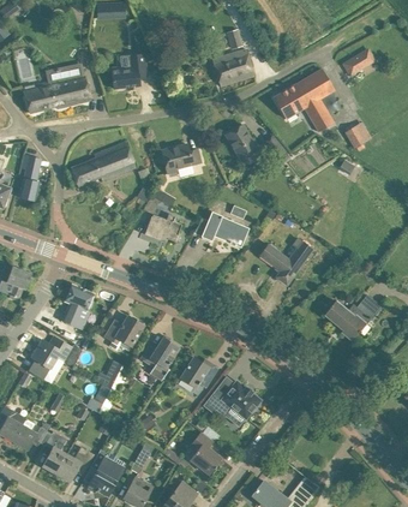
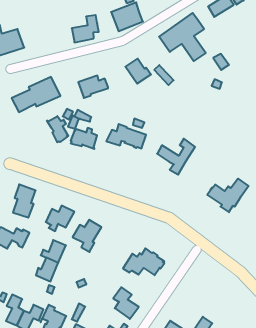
building: [109,54,145,89] -> [72,15,99,42]
building: none -> [47,116,68,142]
building: [179,357,217,388] -> none

